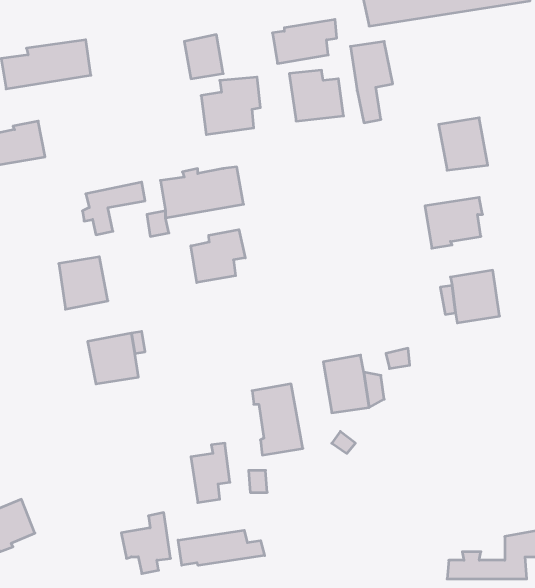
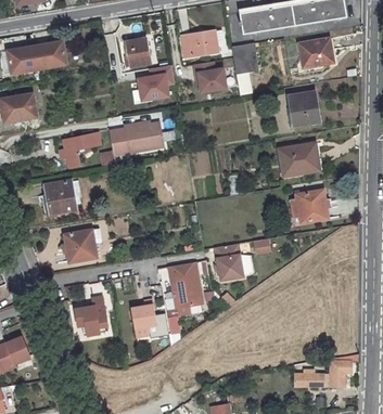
building: none -> [298,38,333,68]
building: [191,230,245,283] -> none
building: [121,513,171,574] -> [74,297,105,336]
building: [178,530,265,565] -> none

